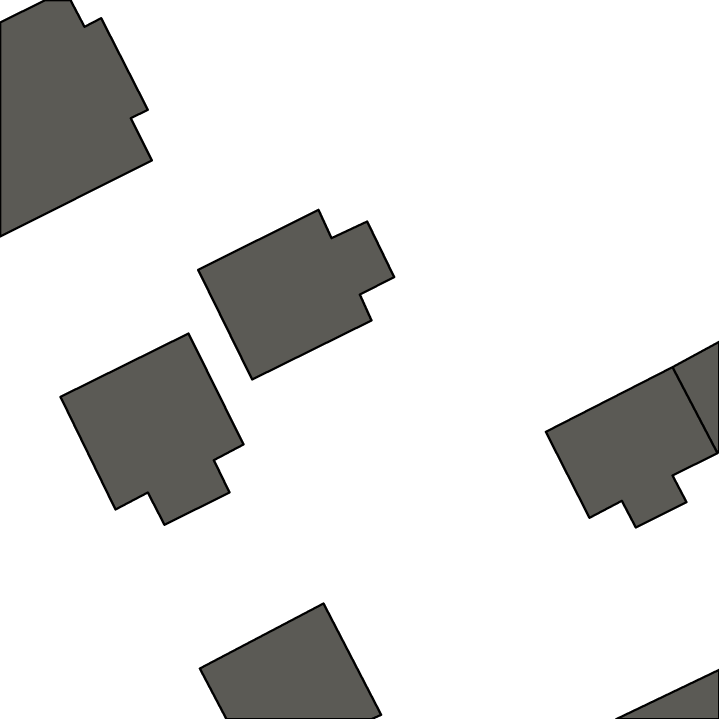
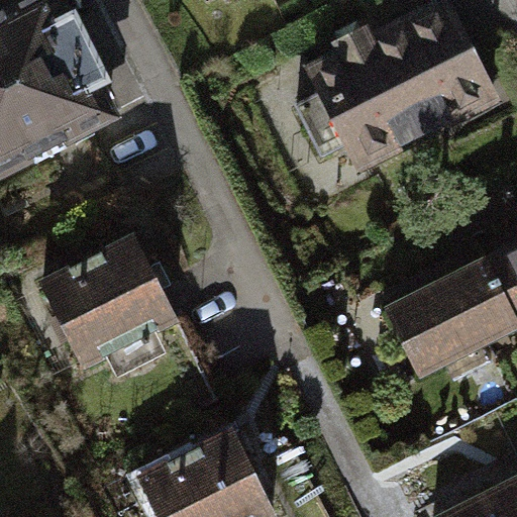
building: none -> [300,8,492,163]
building: [198,210,394,379] -> none

